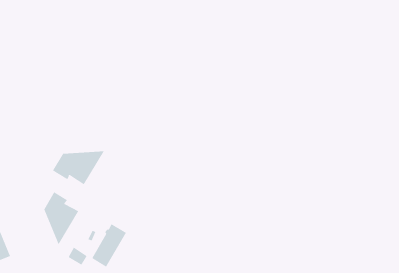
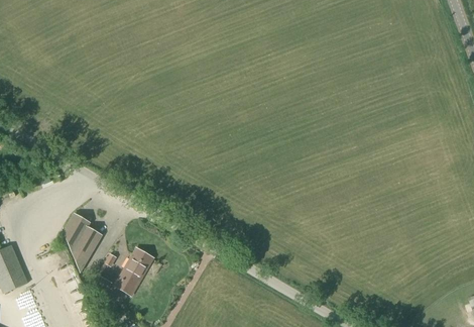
building: [52,150,105,185] -> none

